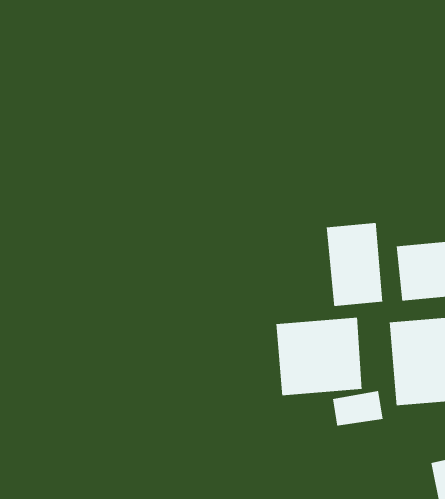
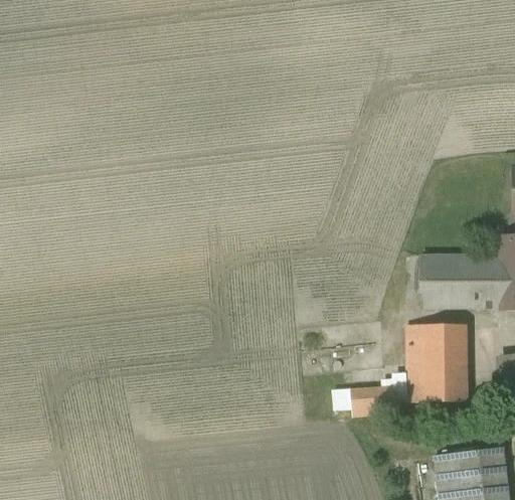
building: [326,222,383,307] -> none
building: [276,317,362,396] -> none

